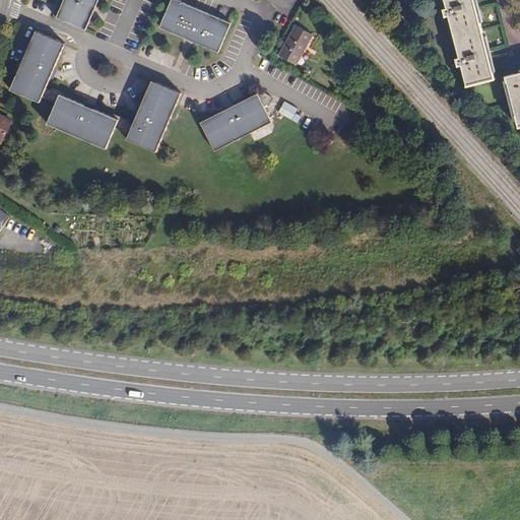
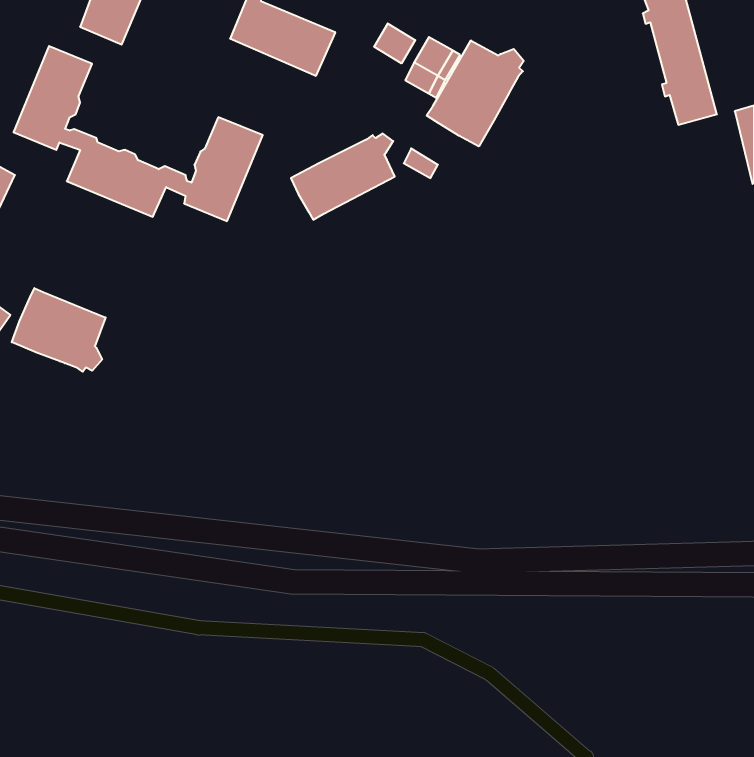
building: none -> [374,23,415,63]
building: none -> [427,40,524,146]
building: none -> [12,288,106,372]

